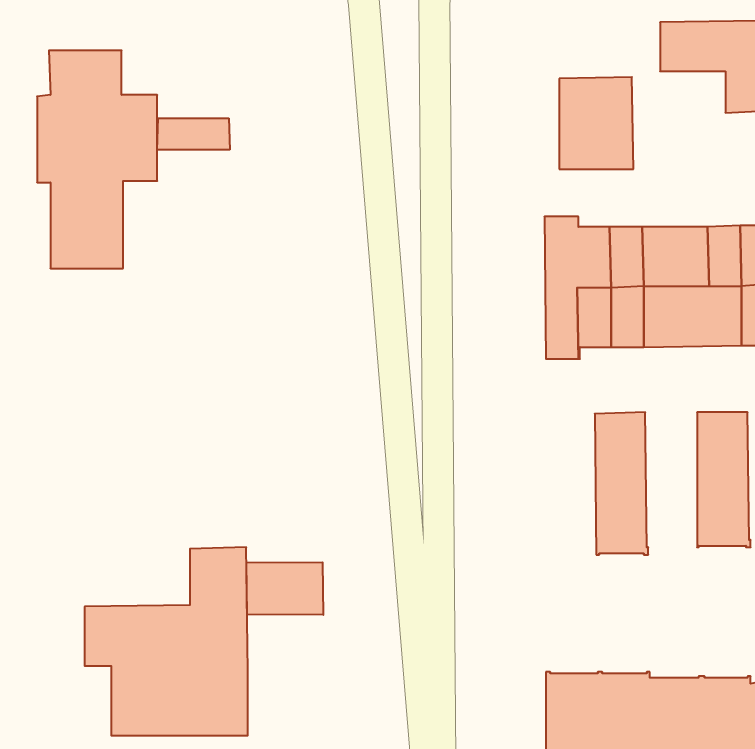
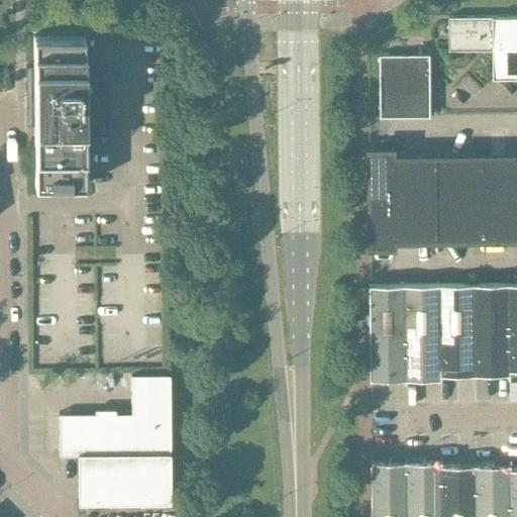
building: [157,118,230,150] -> none
building: none -> [441,287,477,379]
building: none -> [372,288,408,384]
building: [246,562,323,615] -> none

